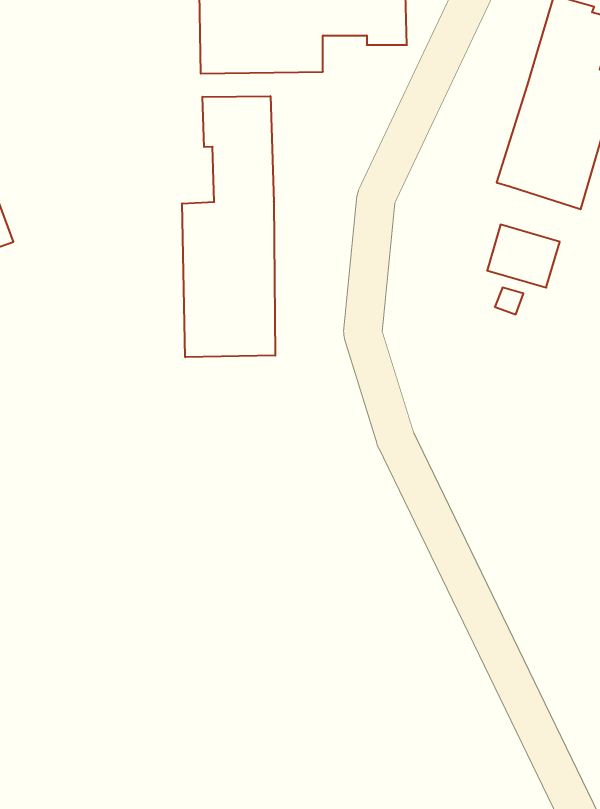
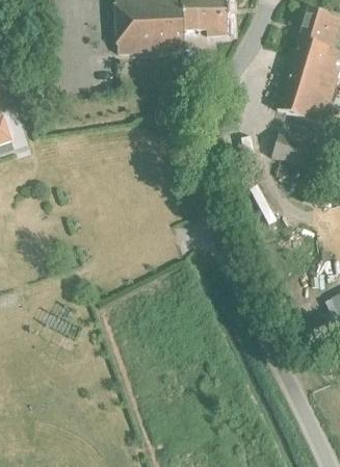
building: [182,96,275,357] -> none

